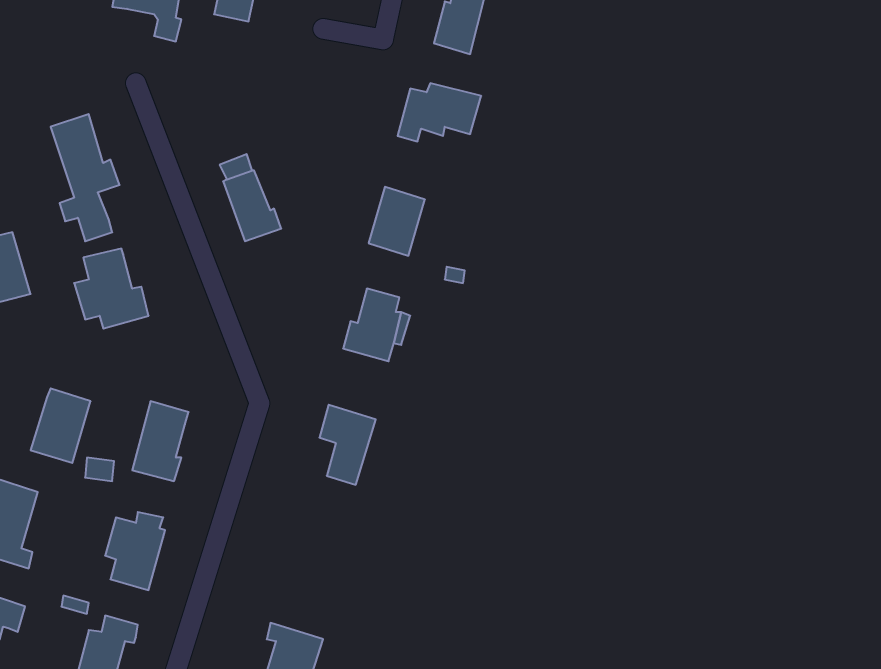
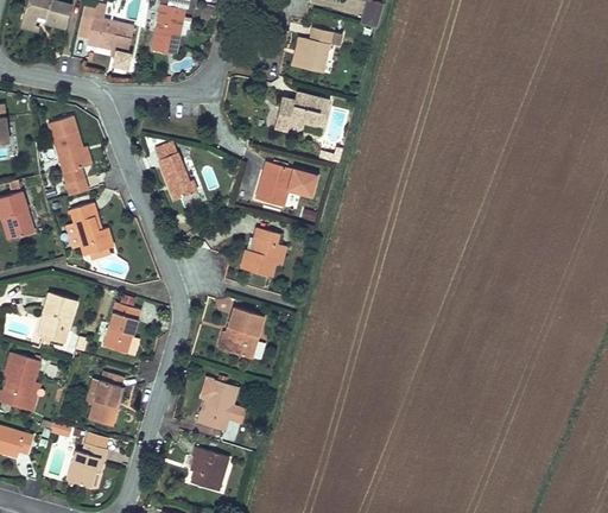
building: none -> [286,170,315,197]
building: none -> [194,379,240,431]

